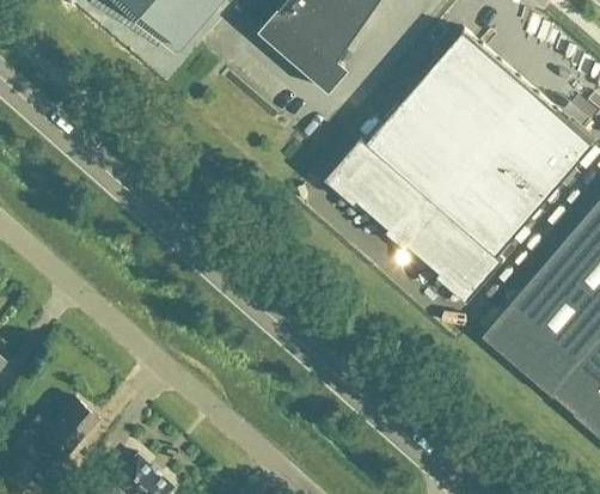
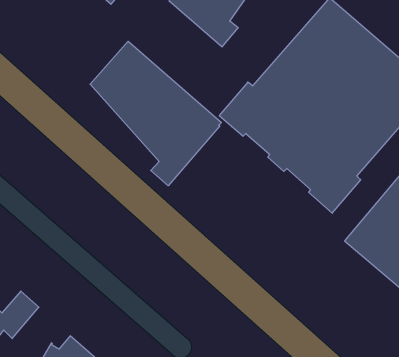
building: none -> [90,41,221,186]

